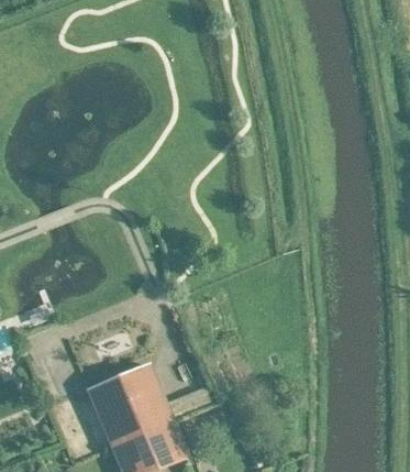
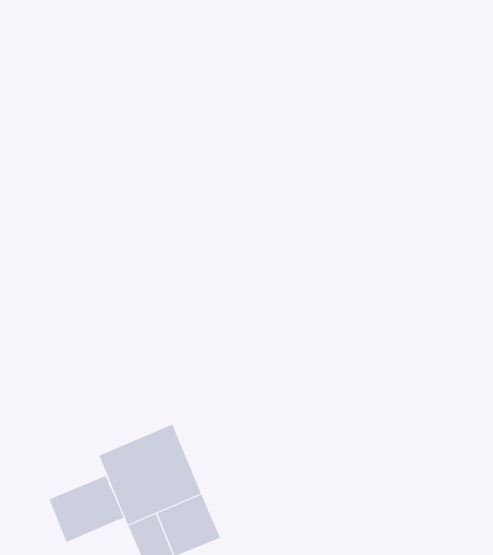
building: none -> [49,475,124,543]

